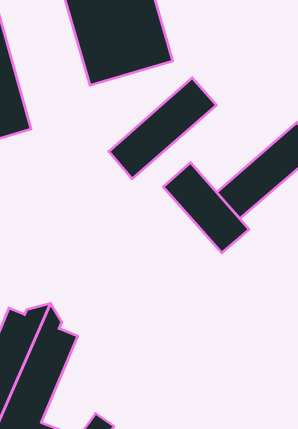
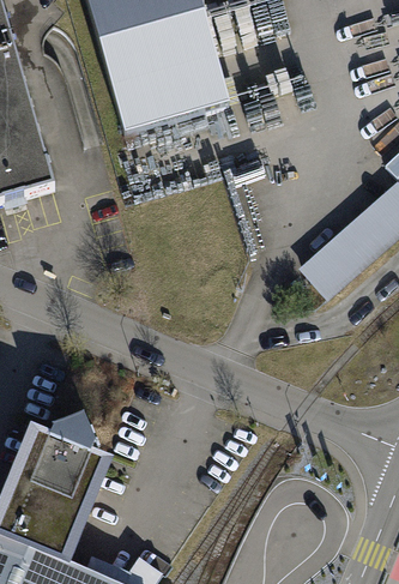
building: [109,78,216,179] -> none
building: [163,163,249,253] -> none

